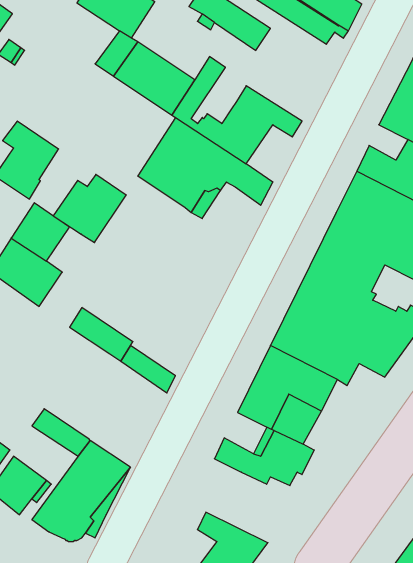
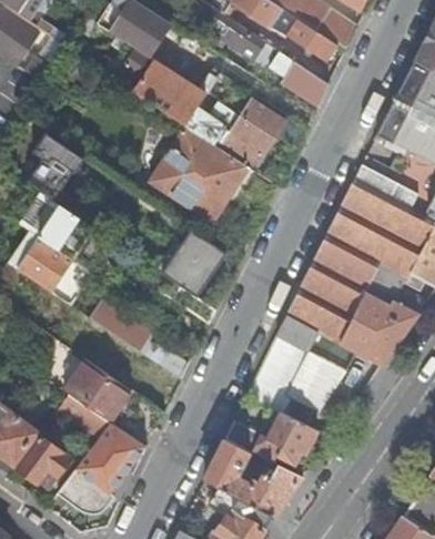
building: none -> [270,51,328,108]
building: [53,174,126,243] -> [158,235,224,297]
building: none -> [64,358,131,421]
building: none -> [203,439,301,516]

